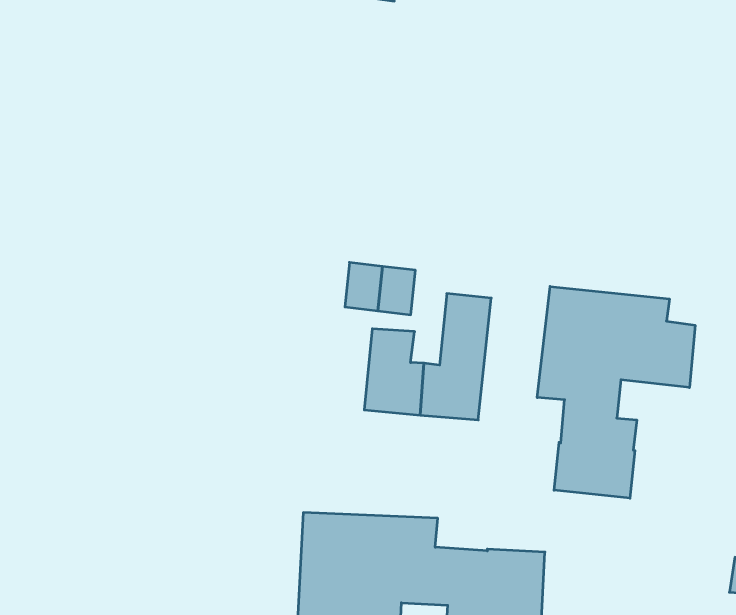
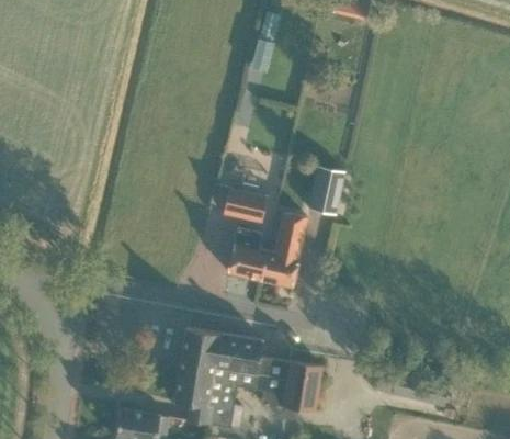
building: none -> [307,167,344,216]
building: [537,286,695,498] -> none

